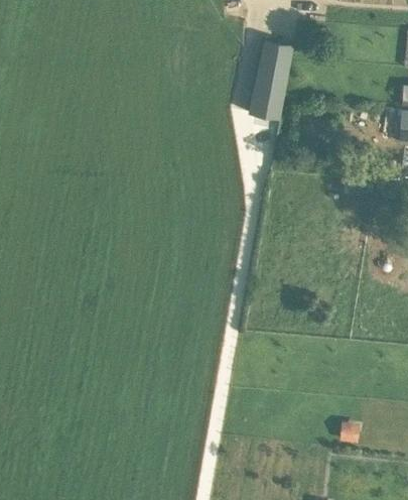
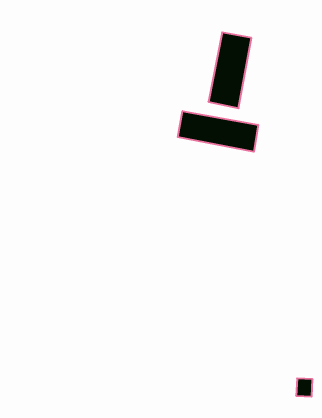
building: none -> [178,111,258,152]

